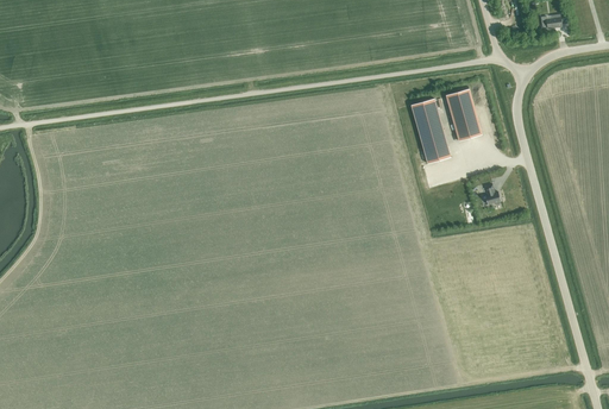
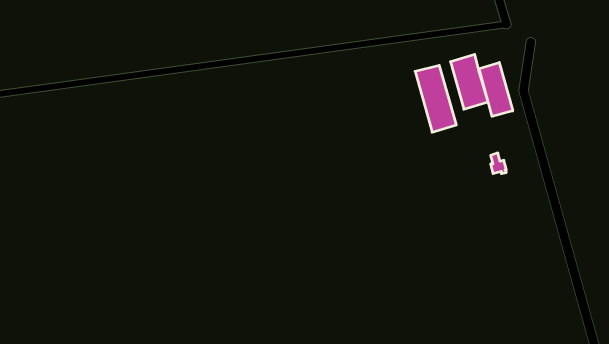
building: none -> [479,62,513,116]

